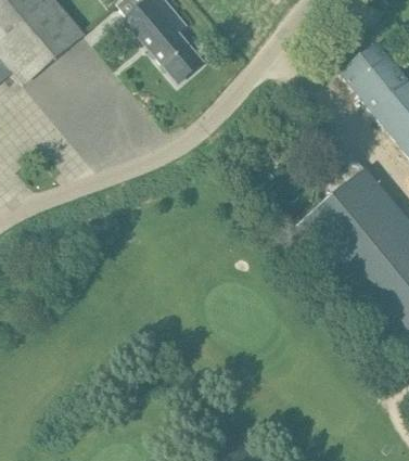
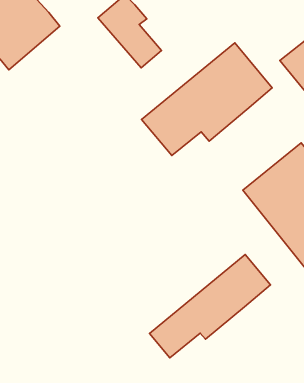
building: none -> [141,43,272,156]
building: none -> [149,255,271,358]

